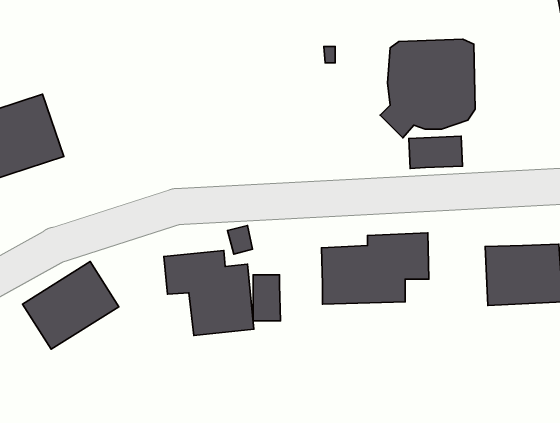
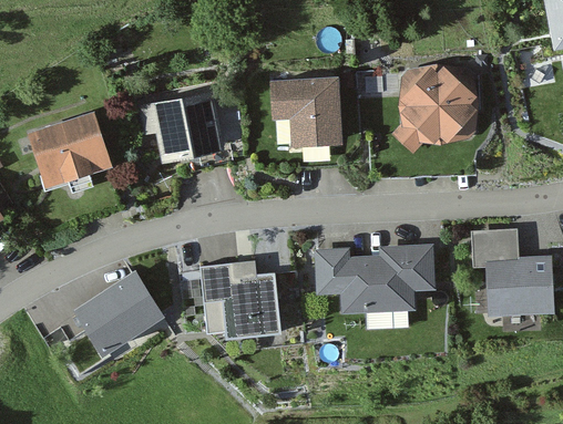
building: none -> [269,87,341,154]
building: none -> [139,103,222,172]
building: [409,136,463,169] -> [471,229,519,258]
building: [253,275,281,321] -> [317,249,341,290]

